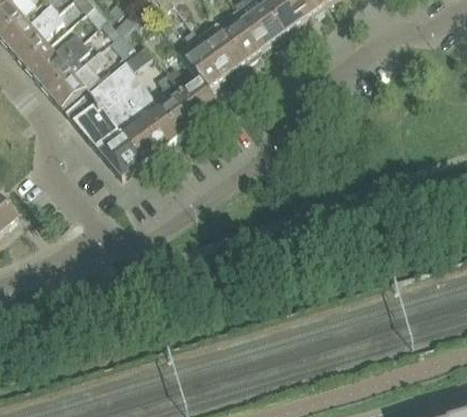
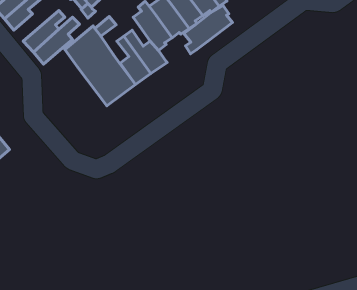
building: [24,30,82,77] -> none
building: none -> [184,5,233,54]
building: [64,88,143,175] -> none

